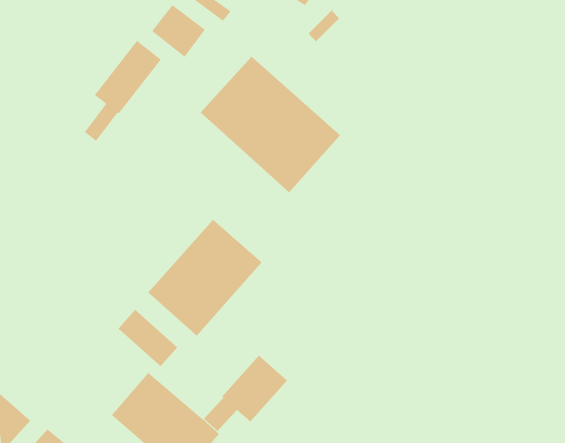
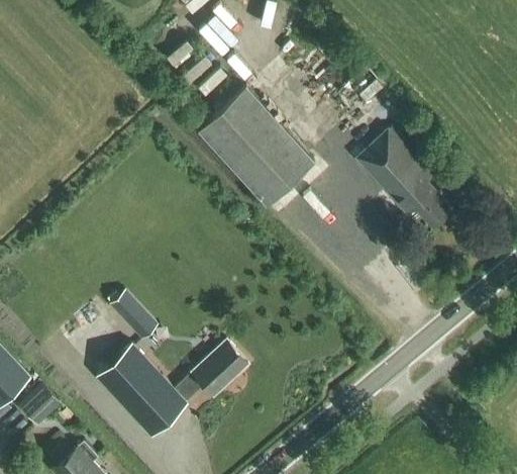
building: [84,40,162,142] -> none
building: none -> [355,126,453,228]
building: [148,219,263,336] -> none

